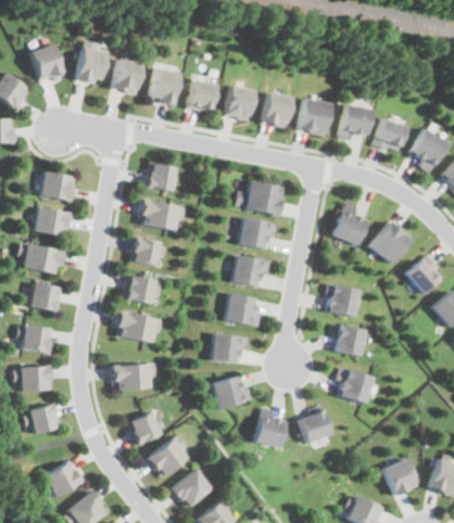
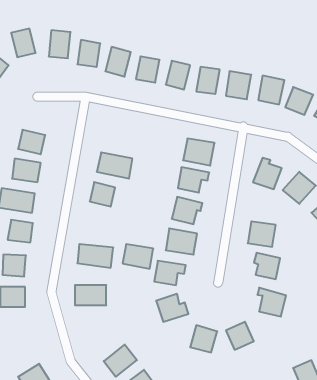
building: [148,162,178,192] -> none
building: [122,275,160,305] -> [123,244,153,269]
building: [27,404,58,433] -> none
building: [127,411,162,445] -> none

